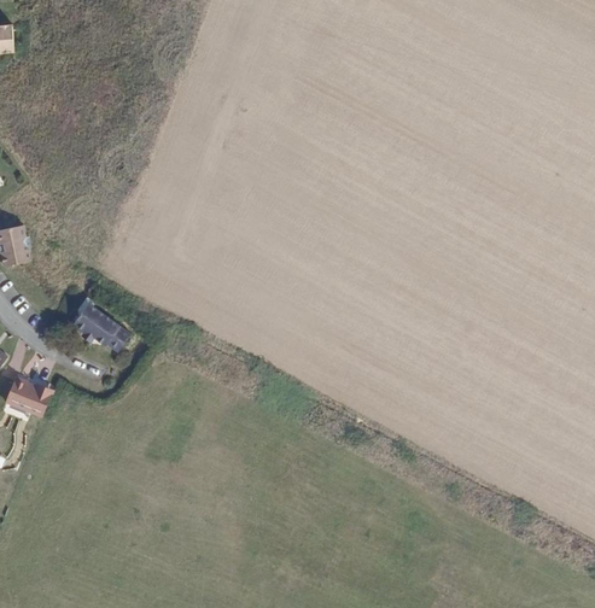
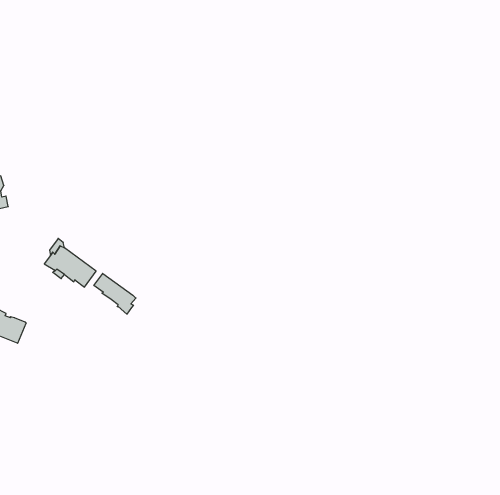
building: none -> [94,273,136,314]

